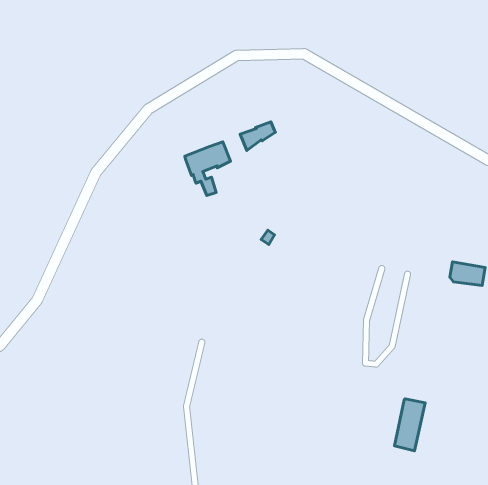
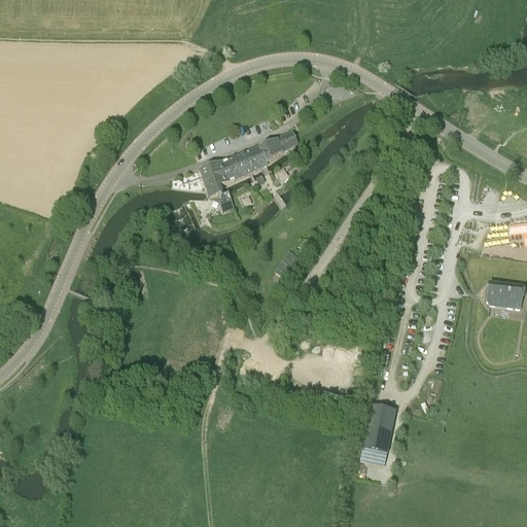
building: none -> [240,144,267,173]
building: [395,399,425,451] -> [363,406,396,461]

